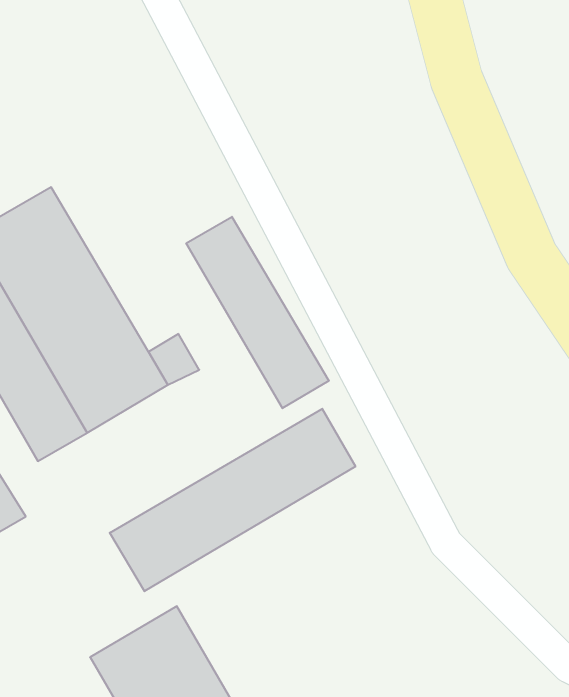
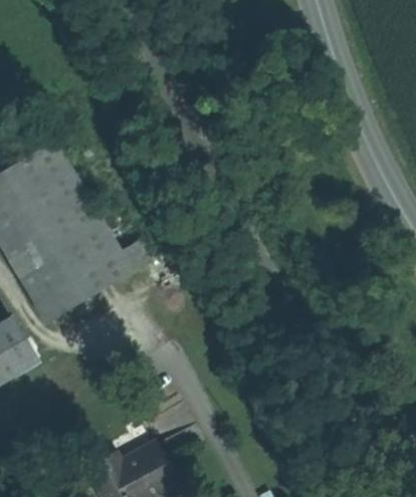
building: [186,217,329,408] -> none
building: [110,409,355,591] -> none

